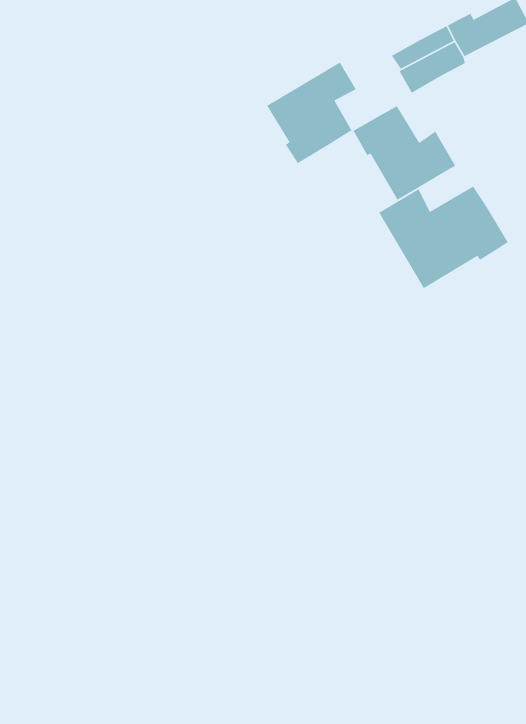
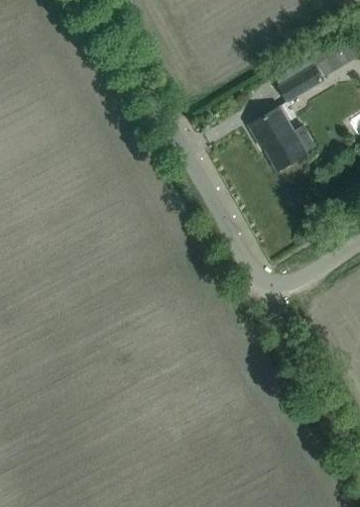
building: [266,61,357,164] -> none
building: [378,186,509,289] -> none

